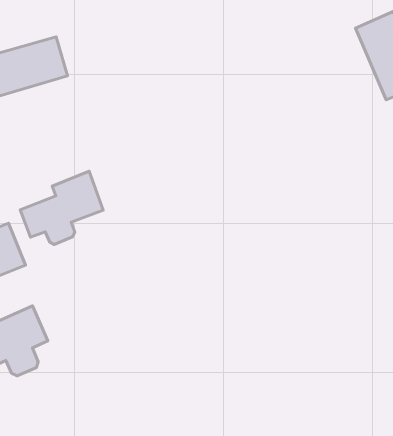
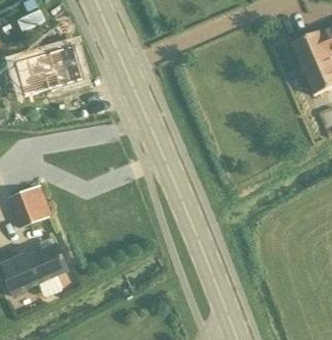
building: [20,171,103,244] -> none

